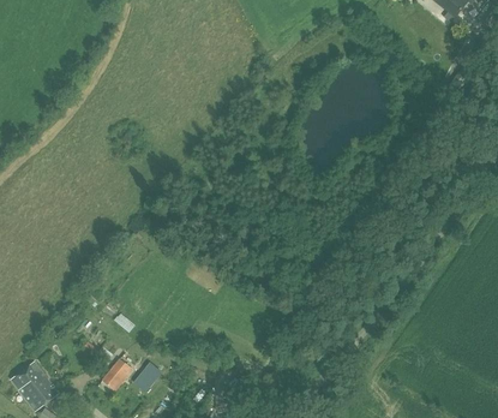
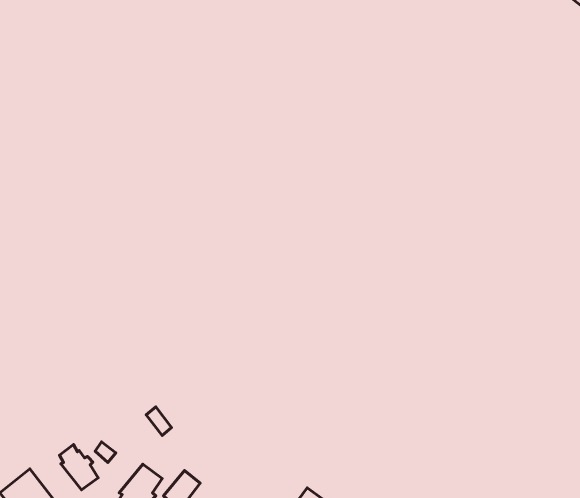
building: none -> [59,445,98,490]

